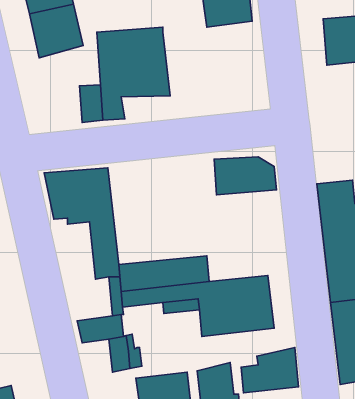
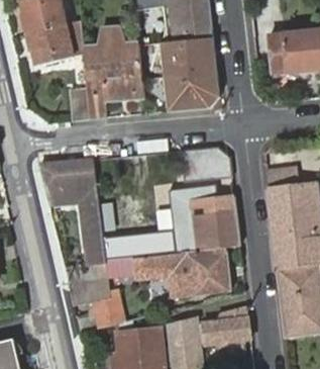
building: none -> [138,36,219,111]
building: none -> [170,185,239,252]

